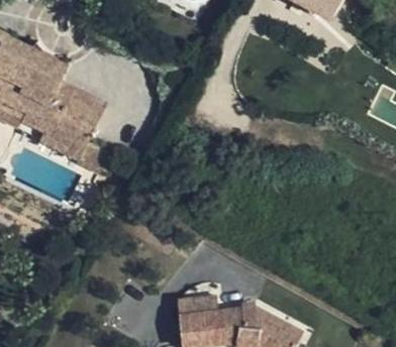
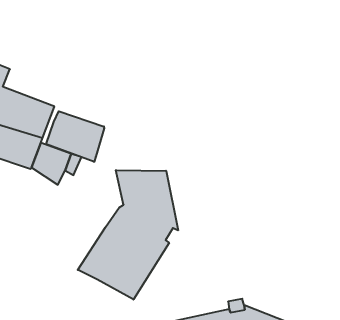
building: none -> [46,111,104,162]
building: none -> [78,170,178,300]

